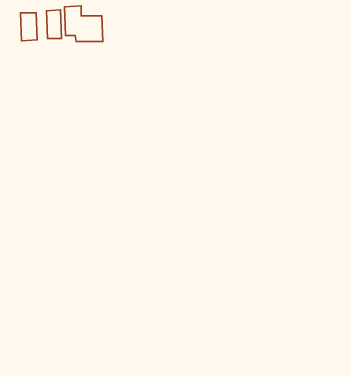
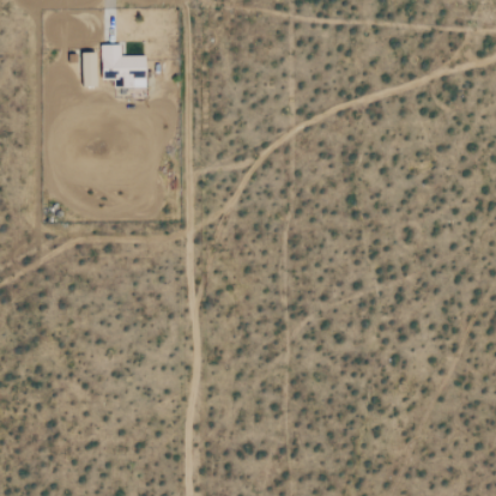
building: [20,13,37,41] -> none

